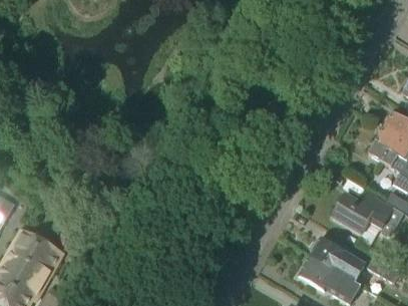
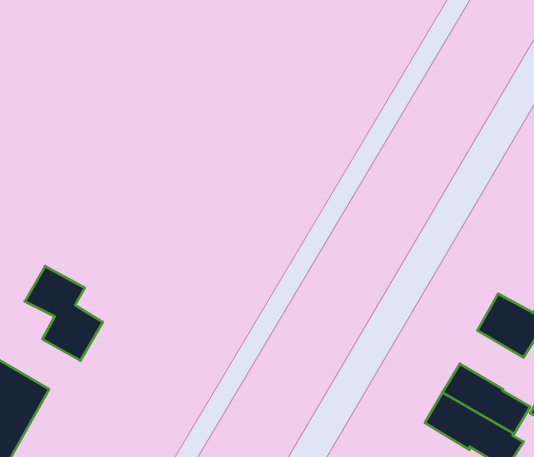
building: none -> [25,266,103,361]

